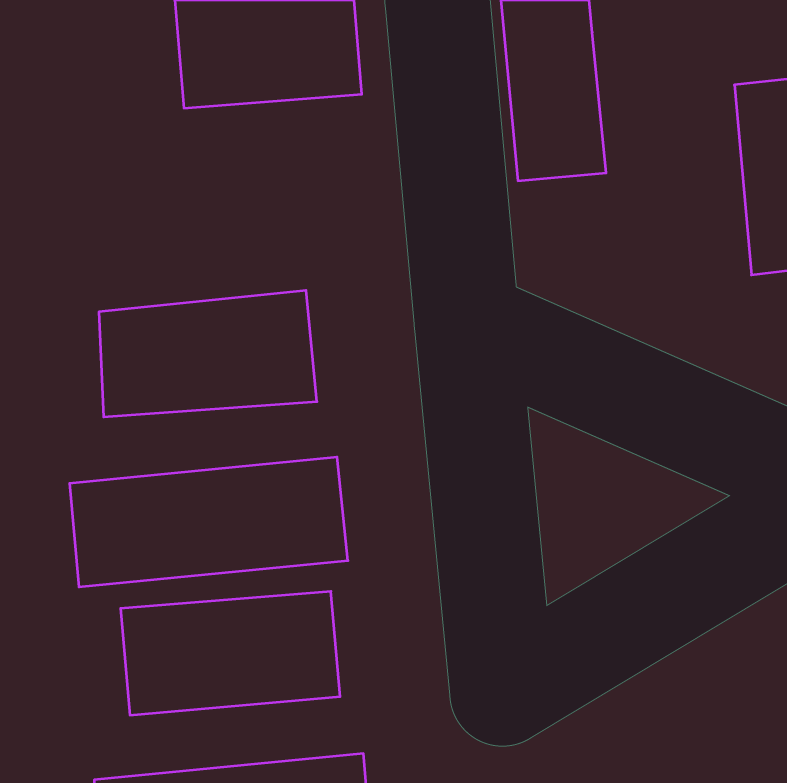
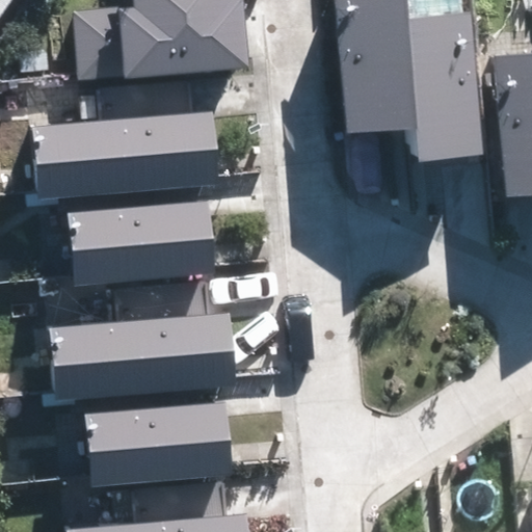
building: none -> [400,21,475,160]
building: none -> [32,112,218,201]

